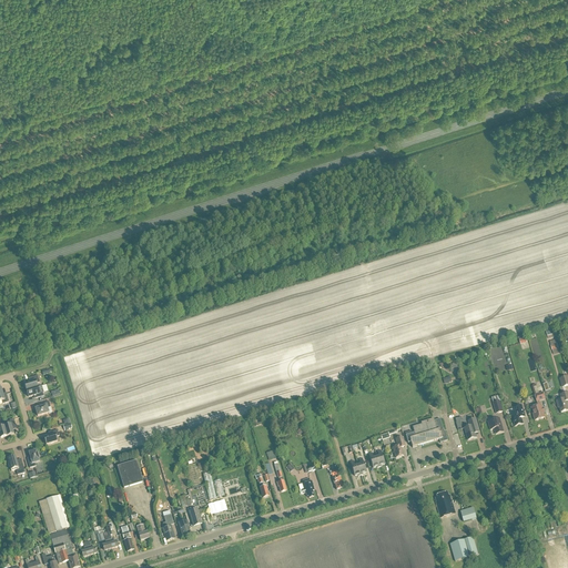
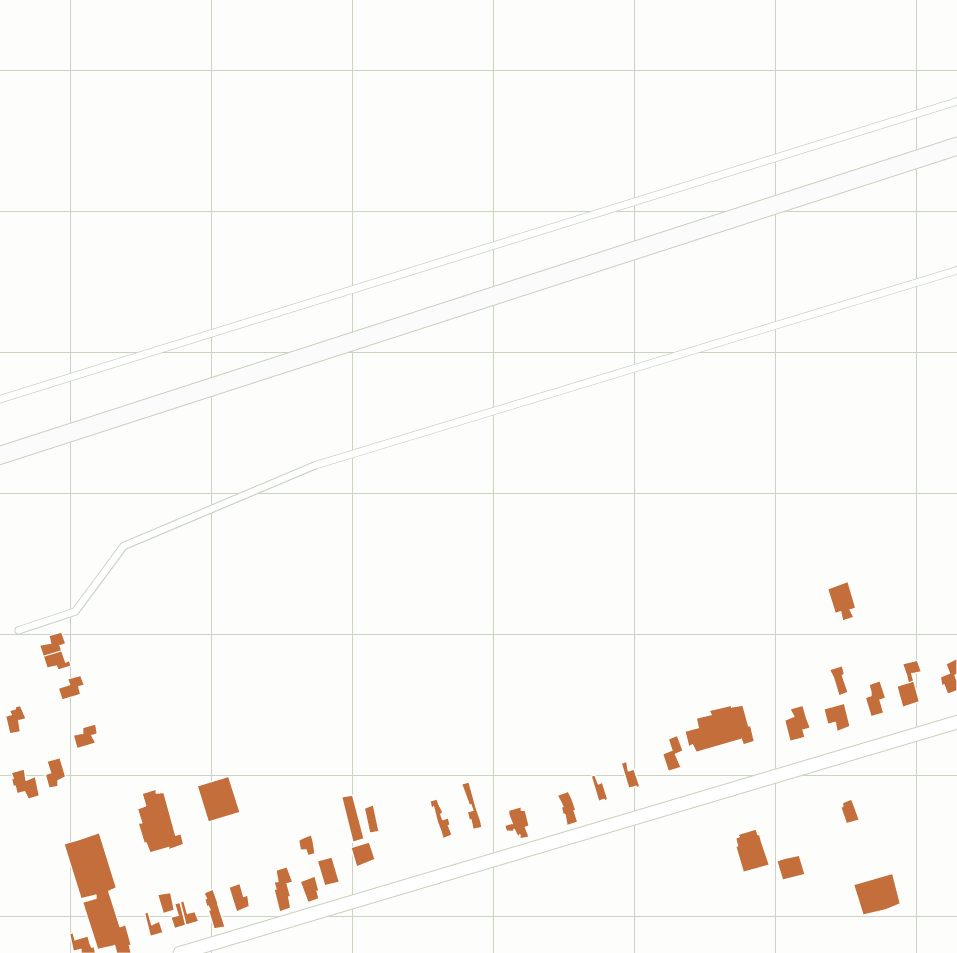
building: none -> [137,789,183,853]
building: [449,535,477,559] -> [853,873,900,915]

